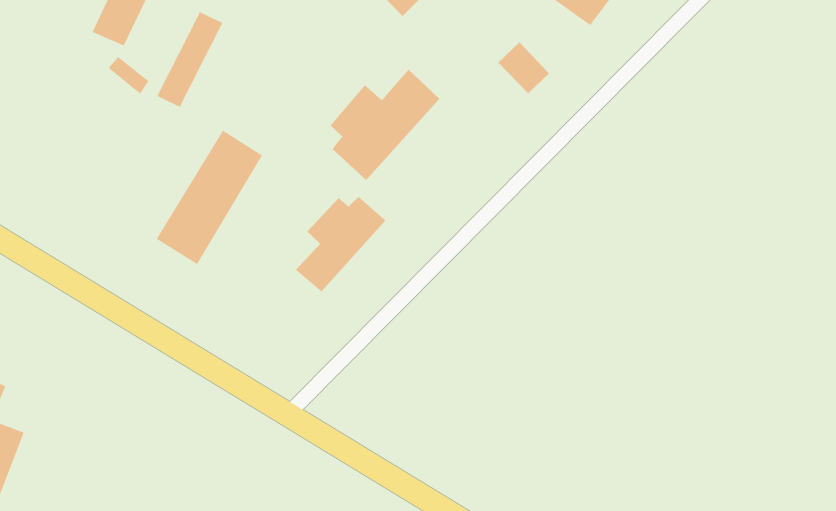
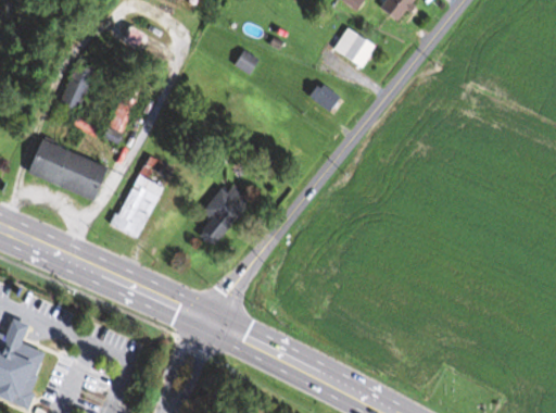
building: [330,69,440,181] -> none
building: none -> [28,139,110,201]

